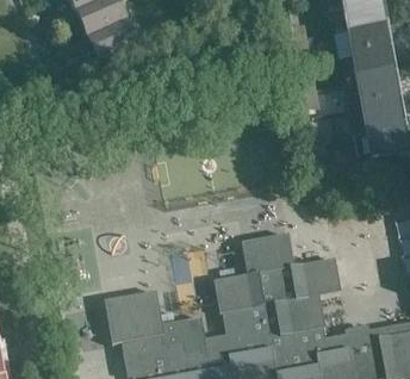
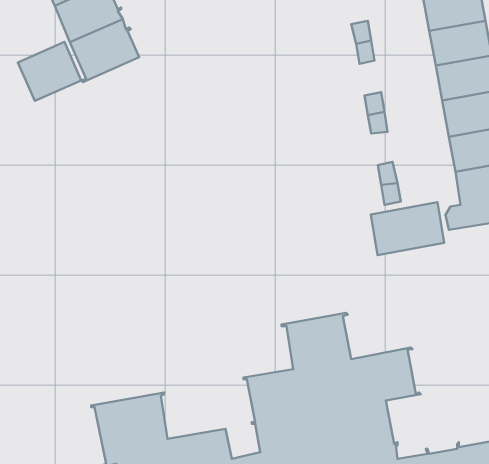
building: none -> [18,42,81,101]
building: none -> [371,202,444,255]

